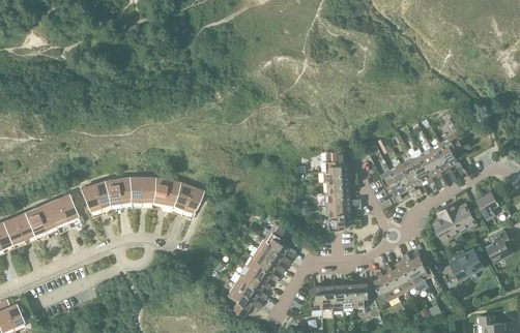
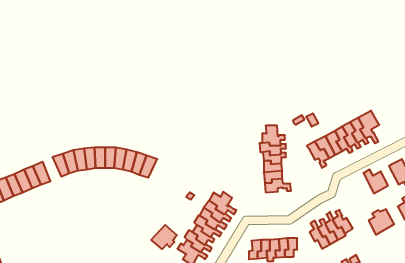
building: [433,208,458,240] -> none
building: none -> [151,225,177,249]
building: [372,272,397,306] -> none

